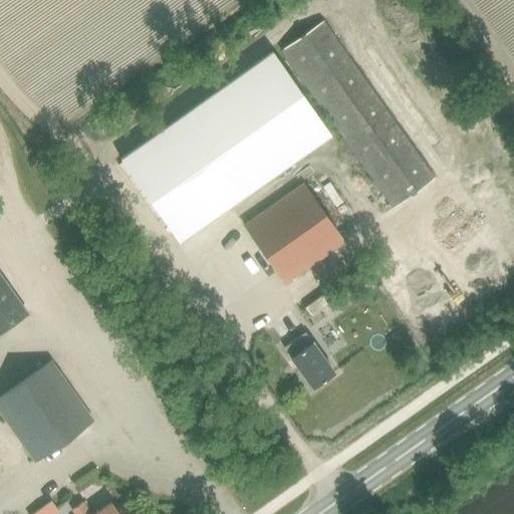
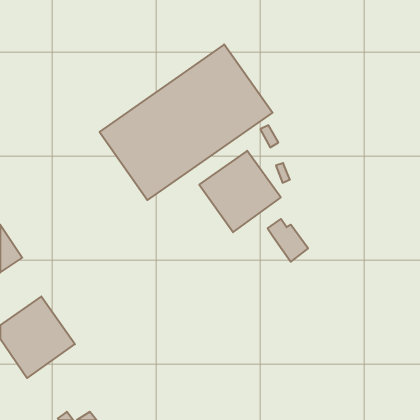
building: [282,20,434,207] -> none
building: [284,335,333,388] -> [268,219,308,262]

